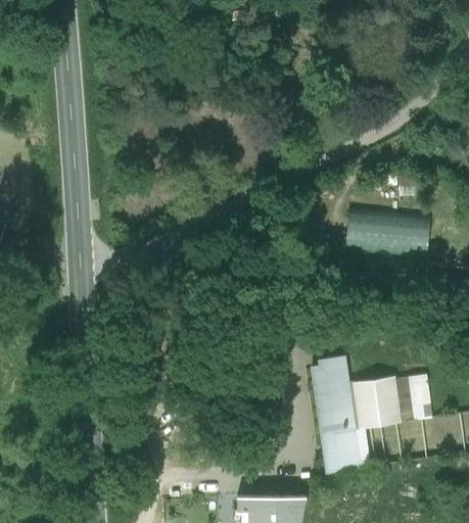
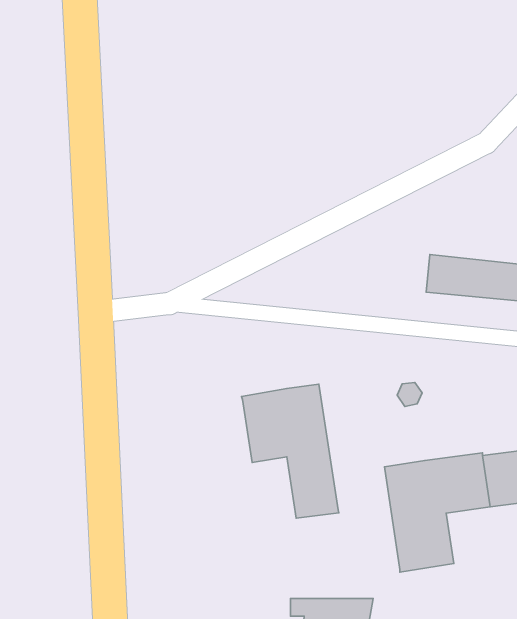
building: none -> [242,384,339,518]
building: [311,354,346,387] -> none

